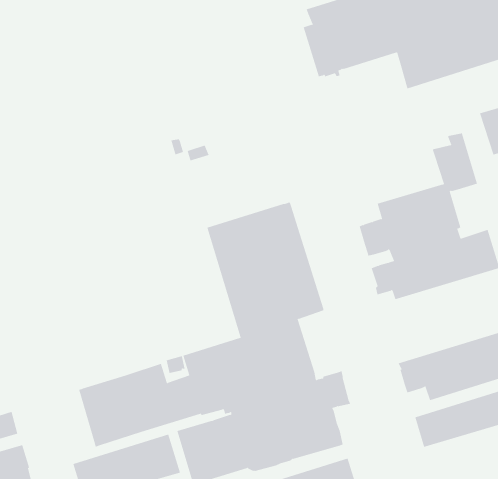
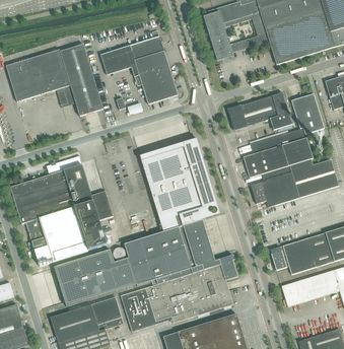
building: none -> [101,29,178,103]
building: none -> [6,44,104,116]
building: none -> [227,91,292,130]
building: none -> [10,154,114,265]

